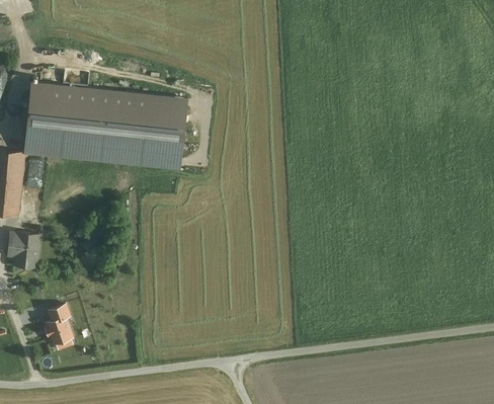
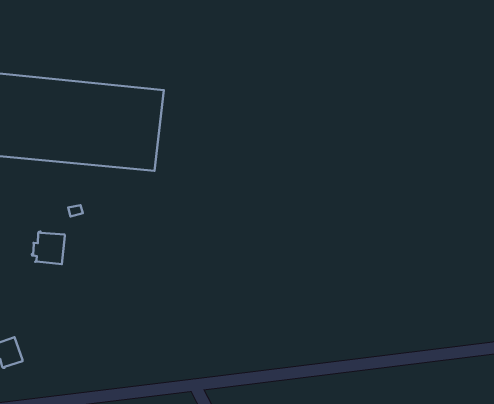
building: none -> [32,232,65,264]

